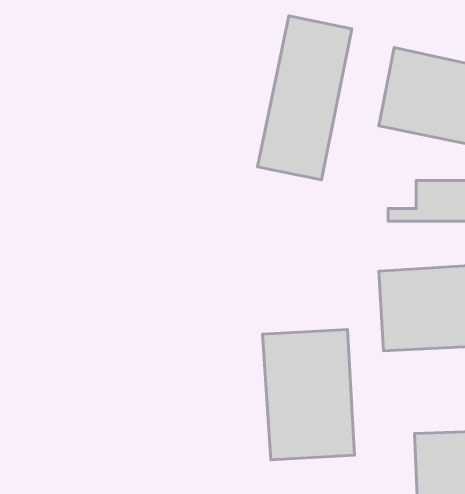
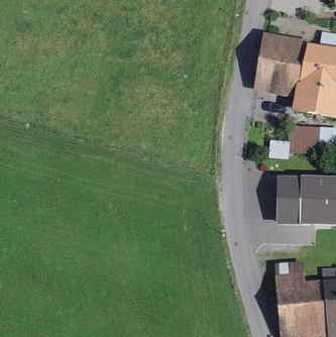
building: [258,16,352,180] -> none
building: [262,329,354,460] -> none

